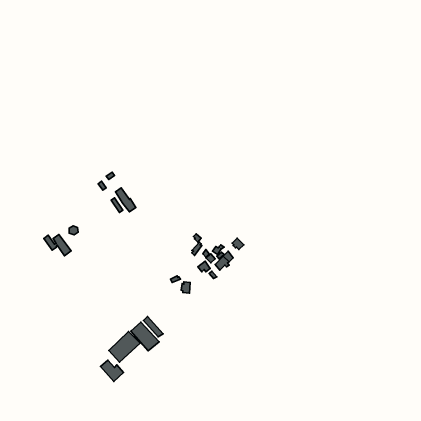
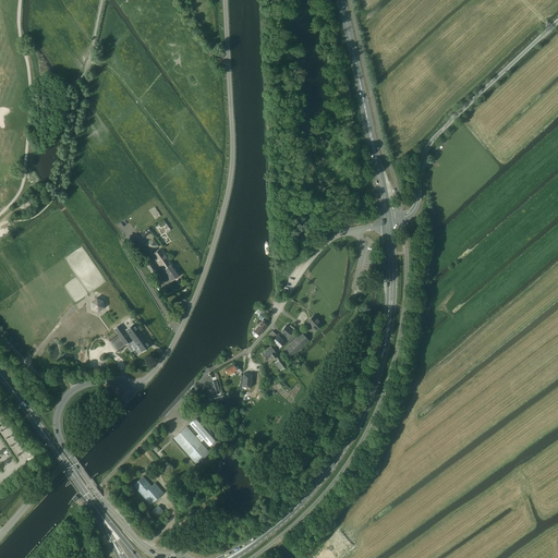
building: [44,234,71,256] -> [114,324,150,352]
building: [109,331,140,362] -> none

